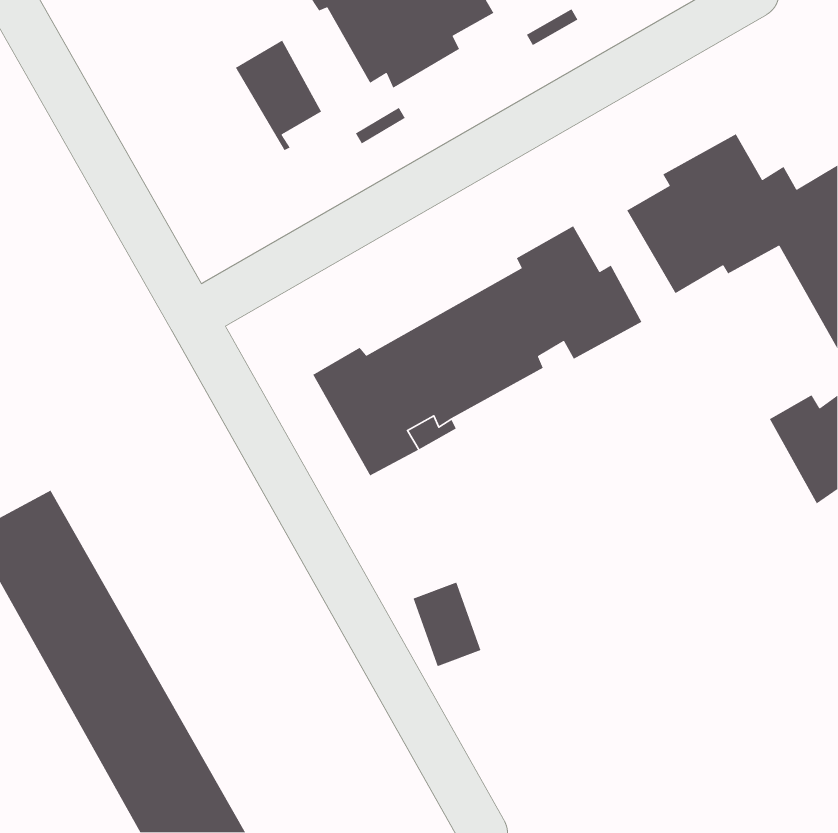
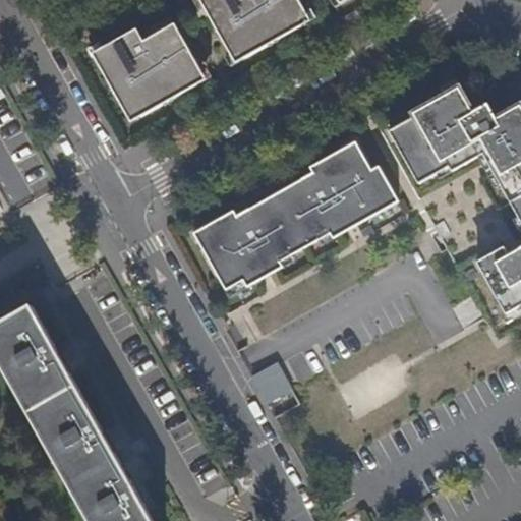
building: none -> [85,26,176,116]

